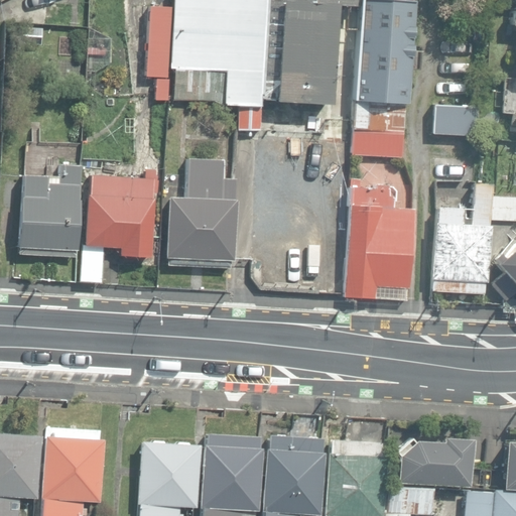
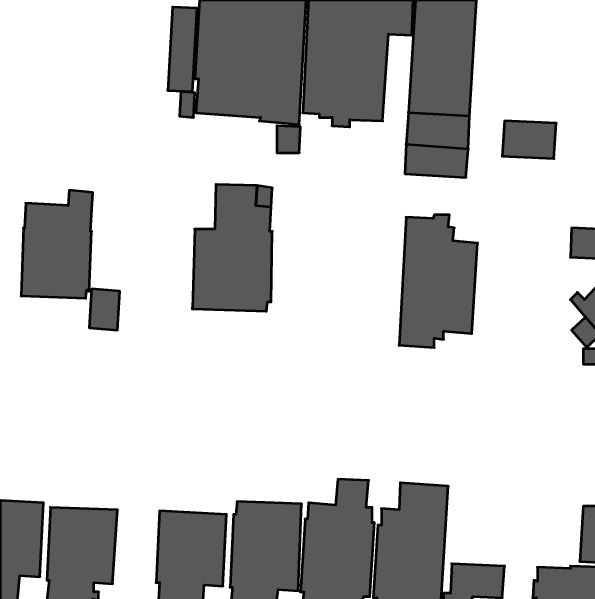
building: [87,171,163,257] -> none
building: [432,180,492,290] -> none
building: [397,434,474,486] -> none

